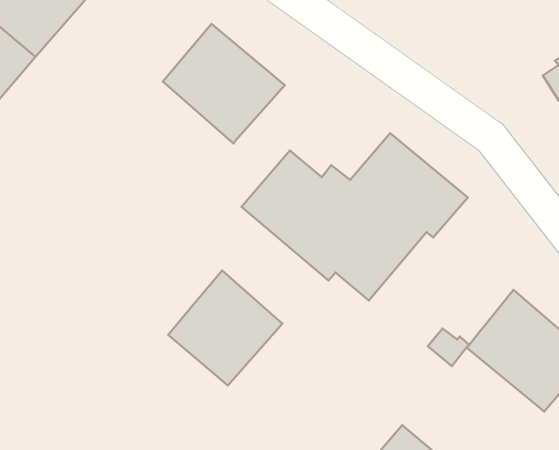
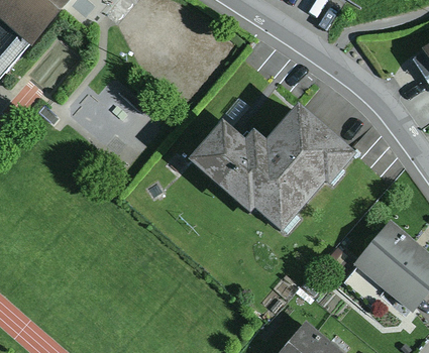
building: [163,24,285,143] -> none
building: [168,270,283,385] -> none

